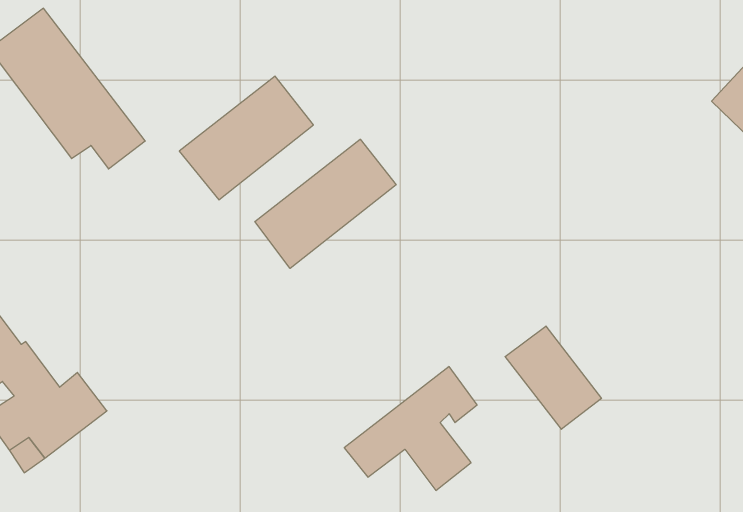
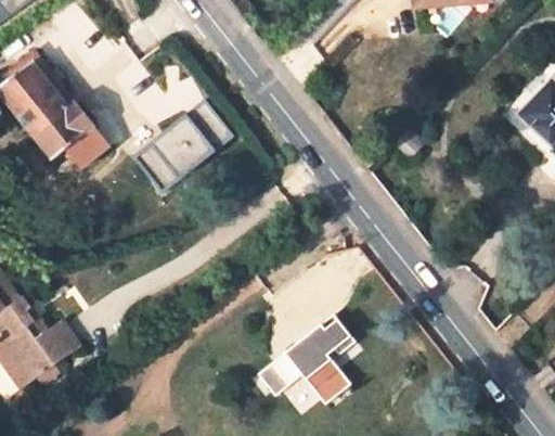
building: [255,139,396,268] -> none
building: [505,326,601,429] -> none

